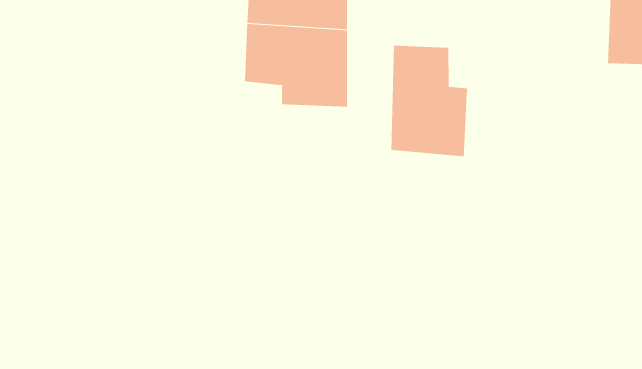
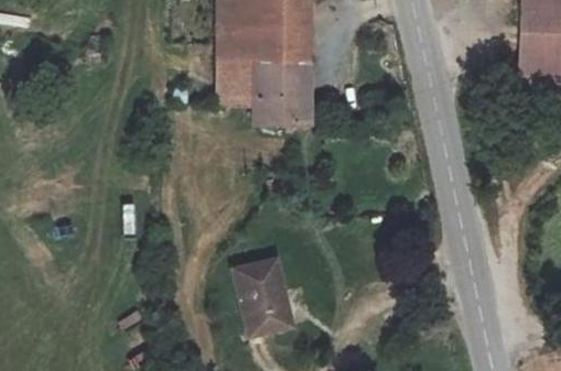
building: [391,45,468,157] -> none
building: none -> [231,251,295,331]

